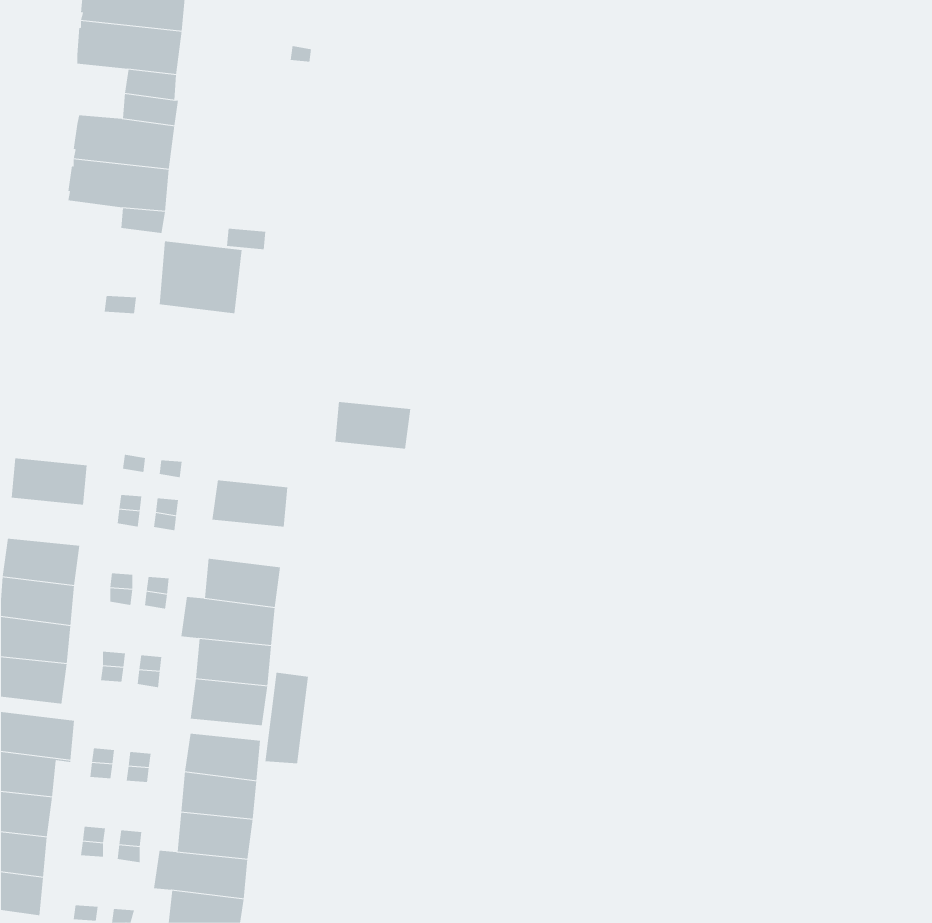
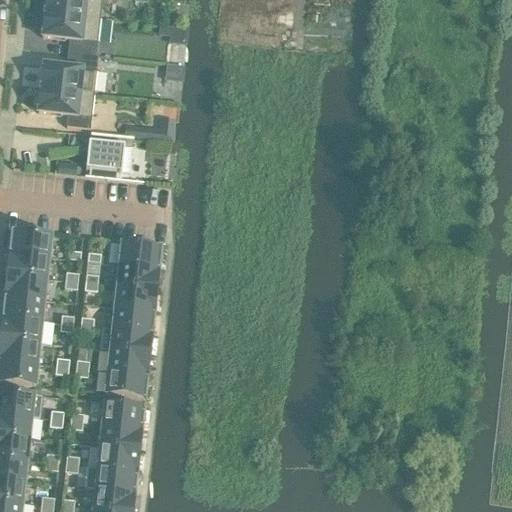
building: [335,402,411,449] -> [119,241,161,267]
building: none -> [8,229,51,255]
building: none -> [4,273,46,299]
building: none -> [114,285,156,311]
building: [265,672,308,764] -> none

